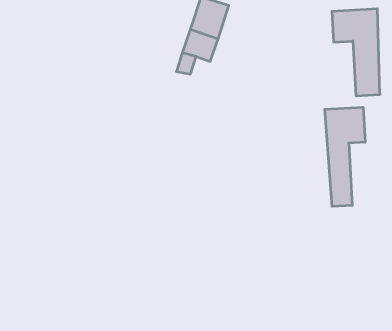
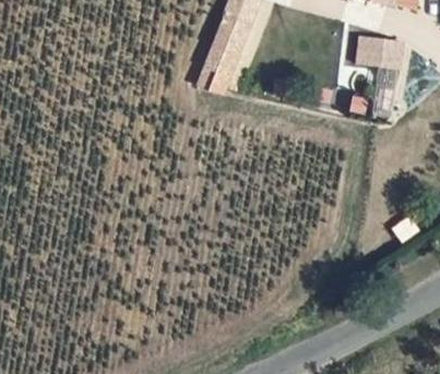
building: [325,107,365,206] -> none

